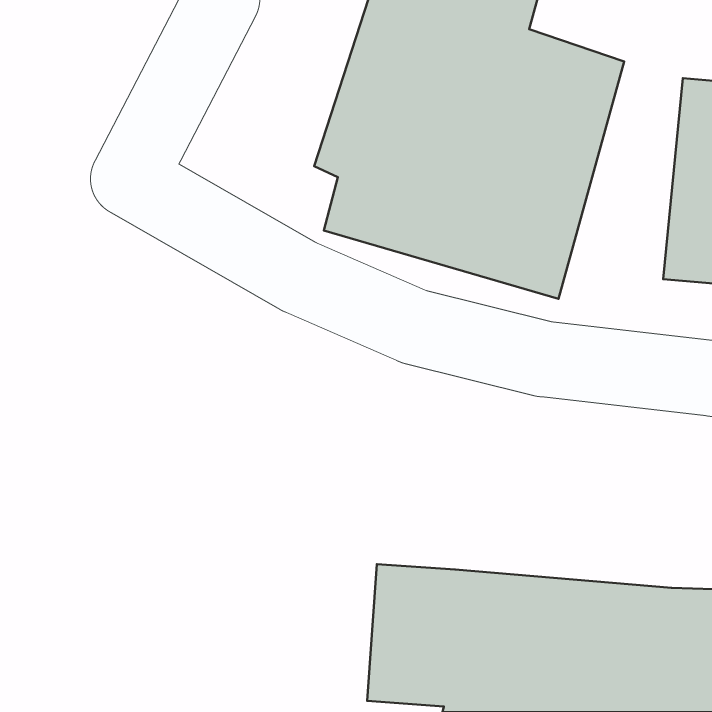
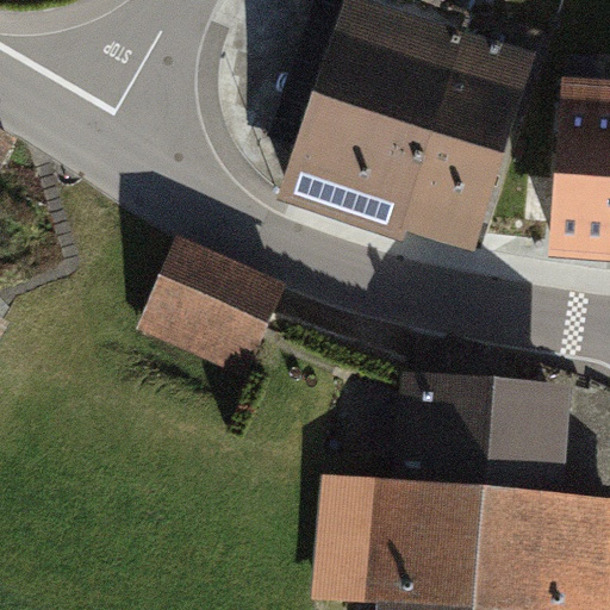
building: none -> [138,251,280,375]
building: none -> [390,376,585,502]

